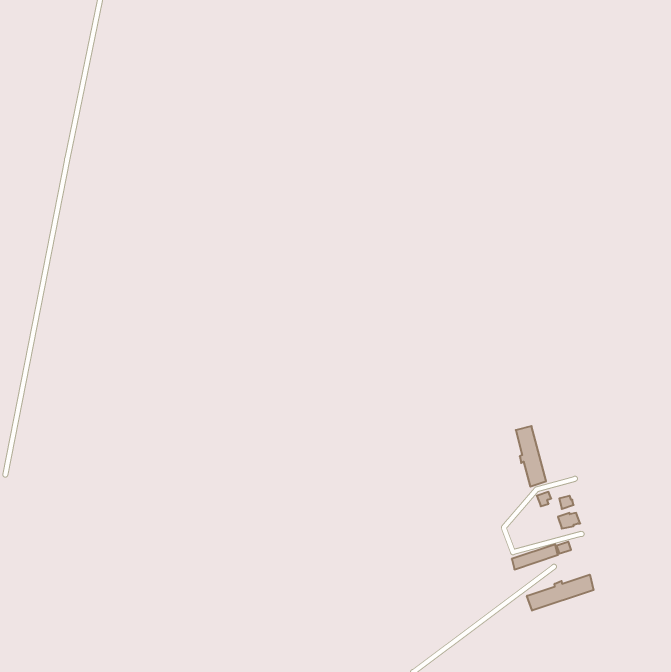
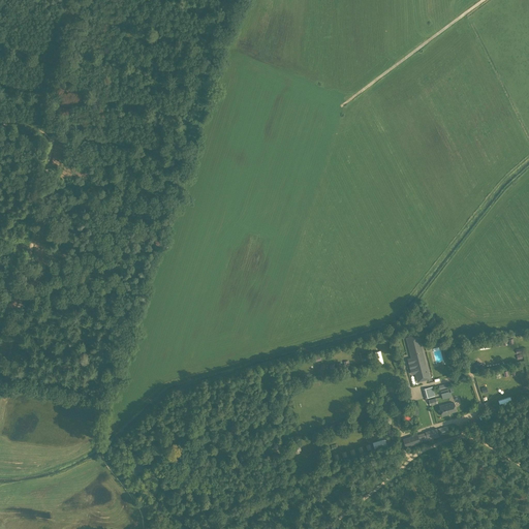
building: [527,575,594,611] -> none

